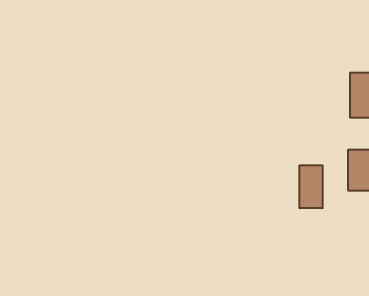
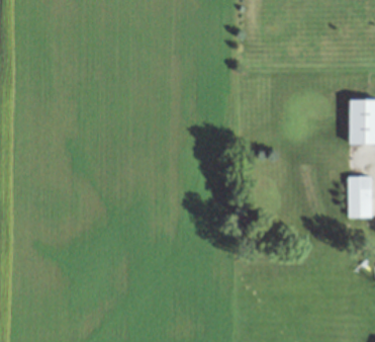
building: [300,165,323,208] -> none

